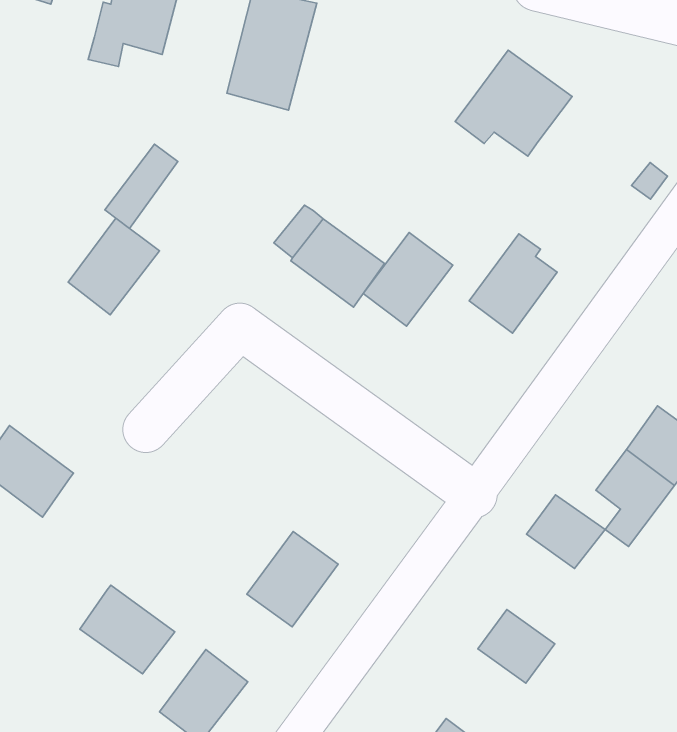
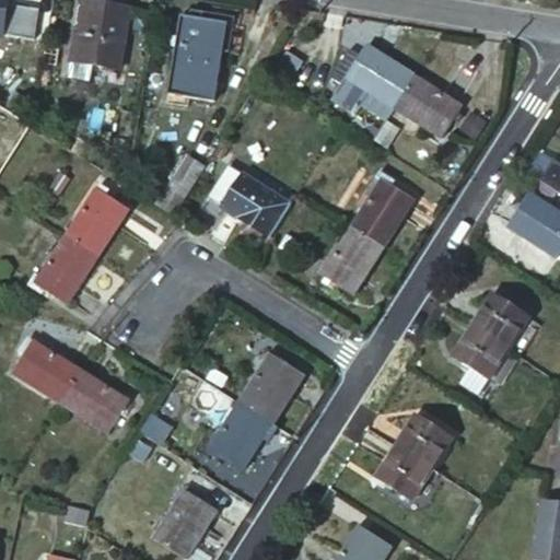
building: none -> [393,74,463,139]
building: [105,144,178,228] -> [156,153,206,214]
building: [363,233,453,326] -> [323,225,385,292]
building: none -> [35,234,97,302]
building: none -> [240,353,304,420]
building: [526,495,605,569] -> [396,413,452,465]
building: [80,585,175,674] -> [60,370,128,431]

